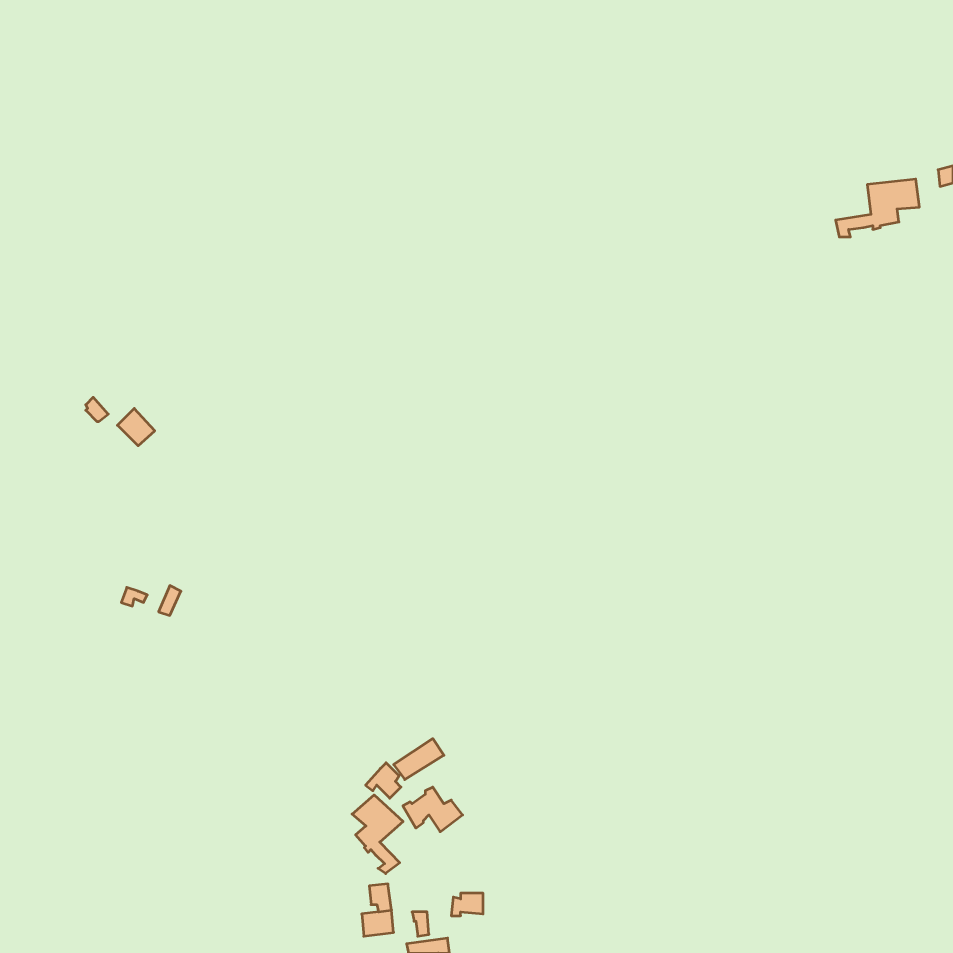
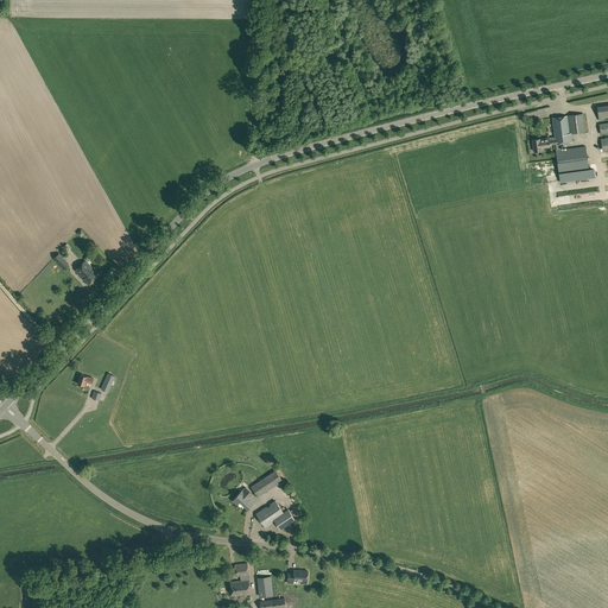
building: none -> [556,145,595,182]
building: [352,795,403,874] -> none

